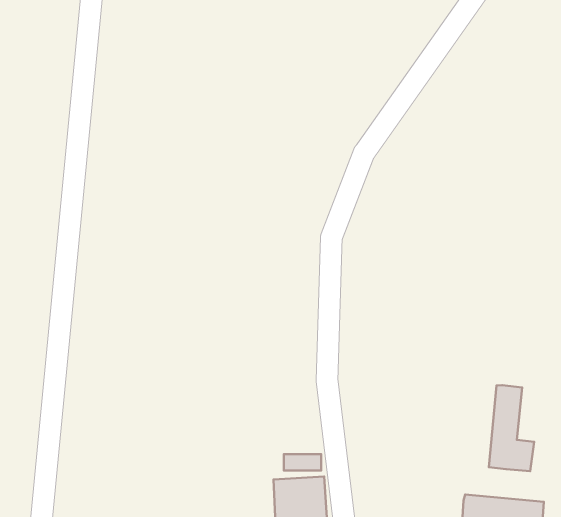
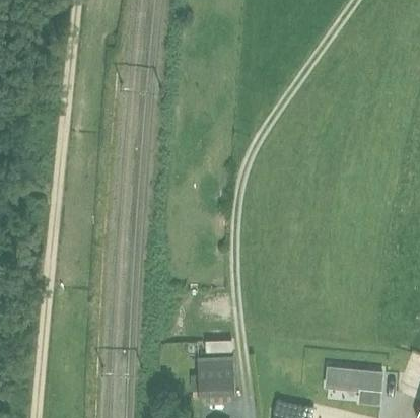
building: [489,385,534,471] -> none

